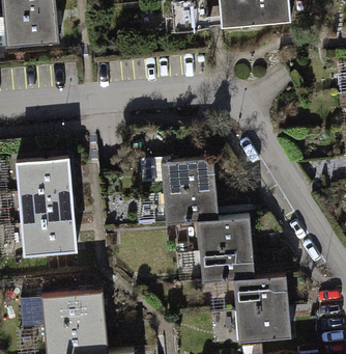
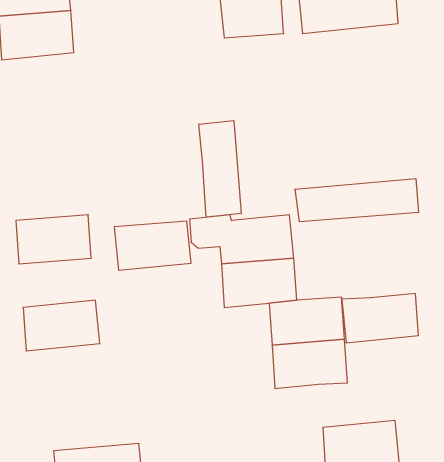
building: none -> [199,121,241,217]
building: none -> [295,179,419,222]
building: [19,189,74,224] -> [114,221,191,270]
building: [233,275,288,310] -> [342,294,418,343]
building: [21,291,105,327] -> none

